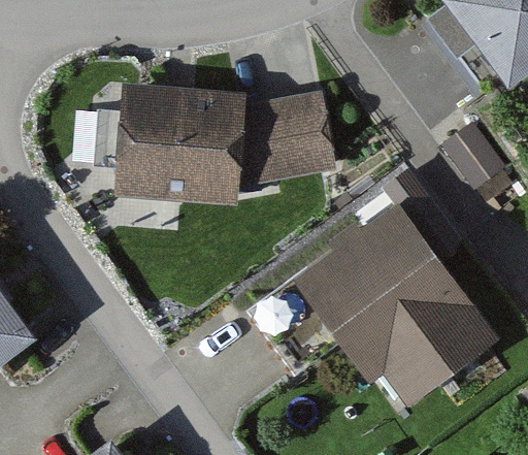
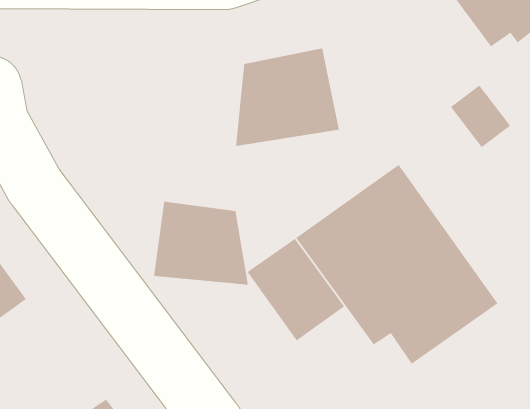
building: [114,82,246,204] -> none
building: none -> [153,201,249,285]

